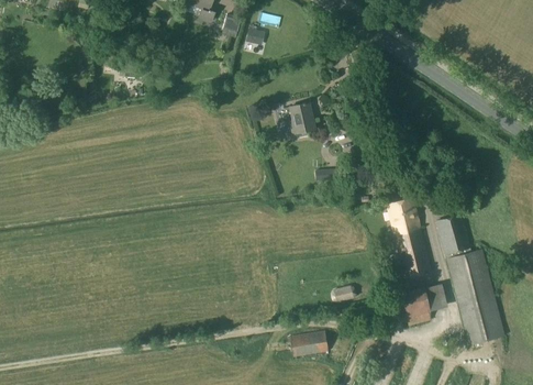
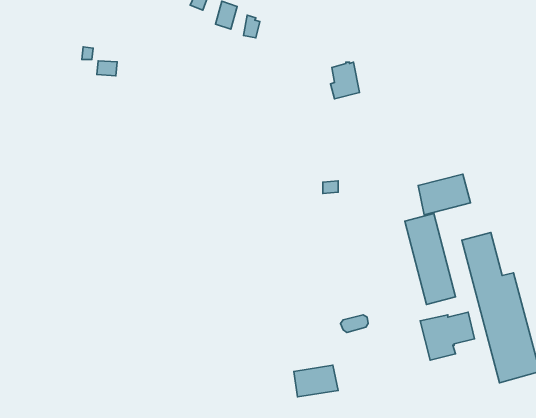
building: [289,102,314,134] -> [331,62,360,99]
building: none -> [418,174,470,215]

